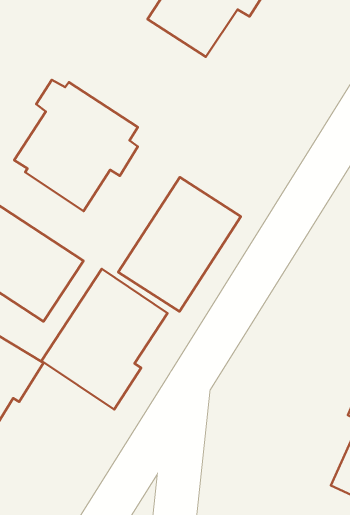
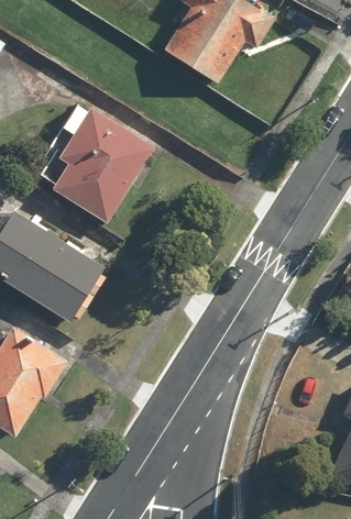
building: [118,177,241,312] -> none
building: [42,269,167,410] -> none

